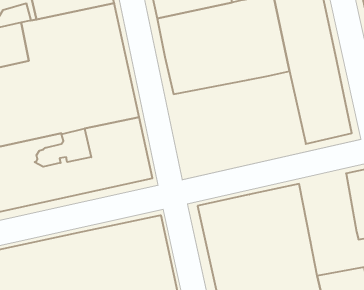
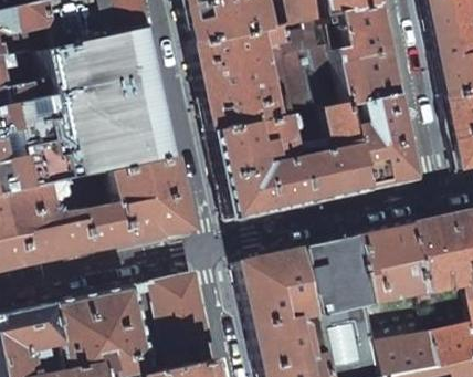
building: none -> [216,106,368,220]
building: none -> [360,224,427,303]

